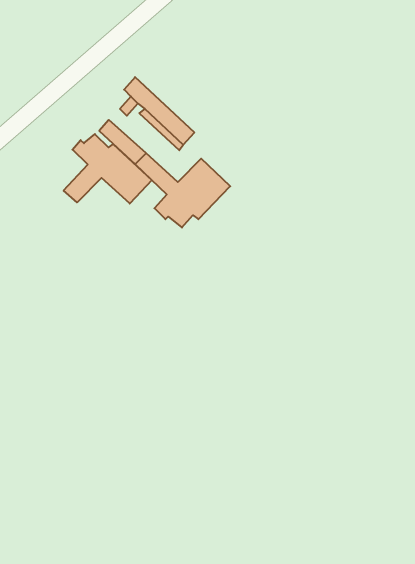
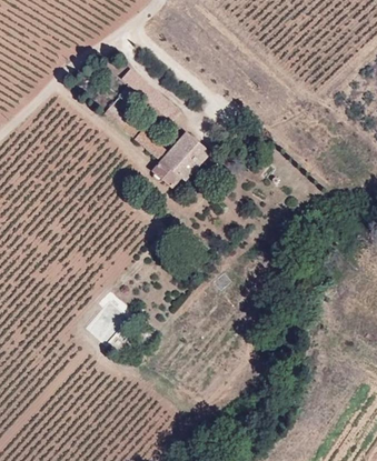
building: [64,134,152,204] -> none

